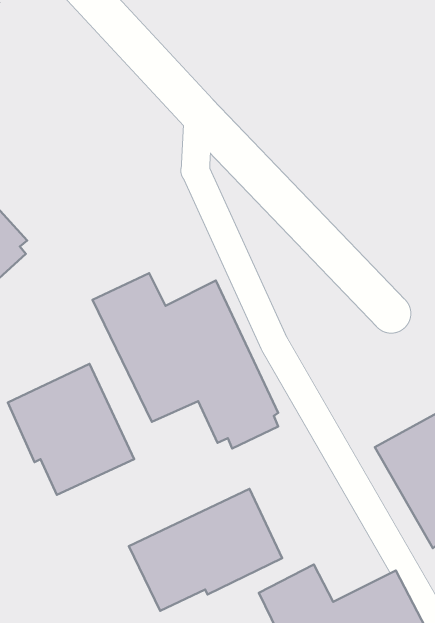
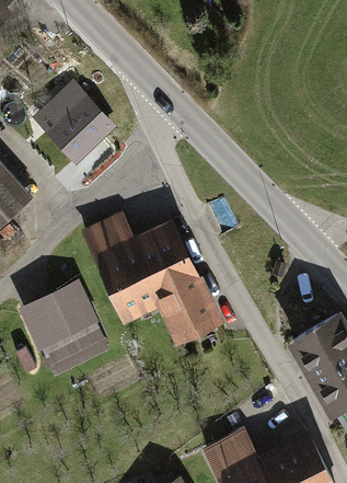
building: none -> [42,87,115,160]
building: [129,489,282,611] -> none

